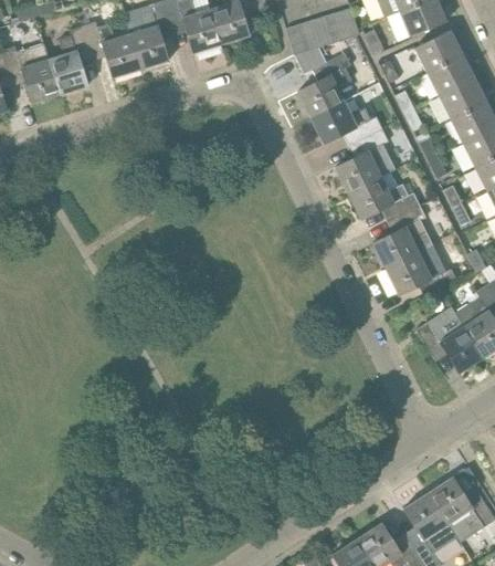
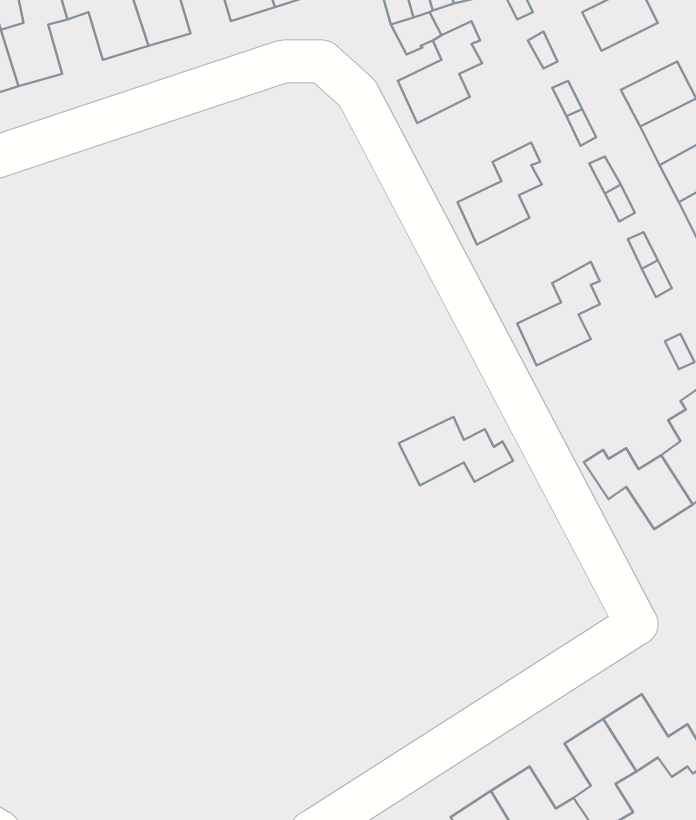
building: [426,54,474,96] -> none
building: [310,101,382,144] -> none
building: [348,177,420,220] -> none
building: [386,253,457,296] -> [399,417,513,485]

